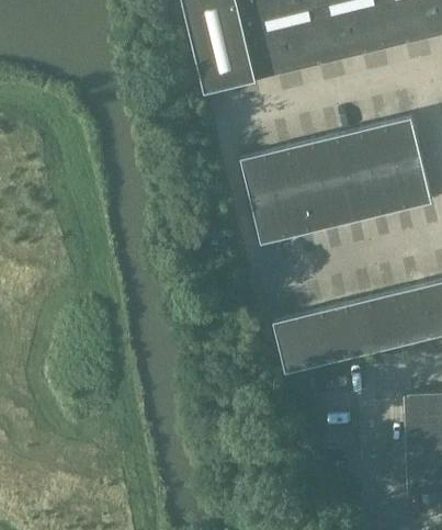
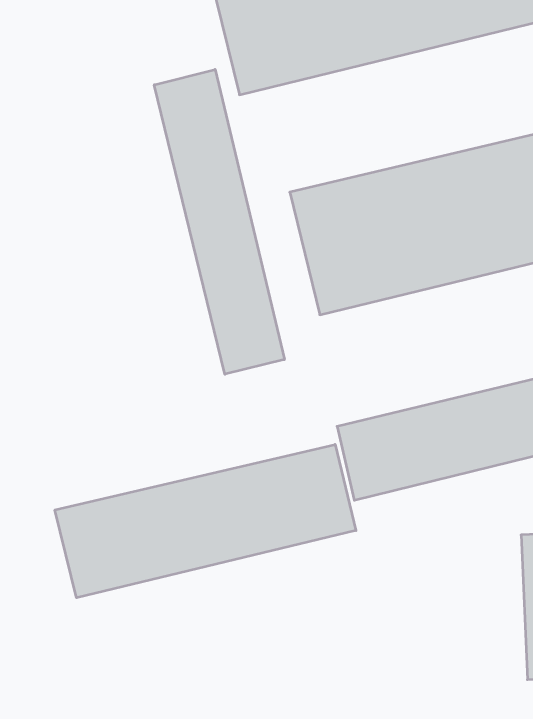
building: none -> [154,69,284,374]
building: none -> [55,444,356,598]

